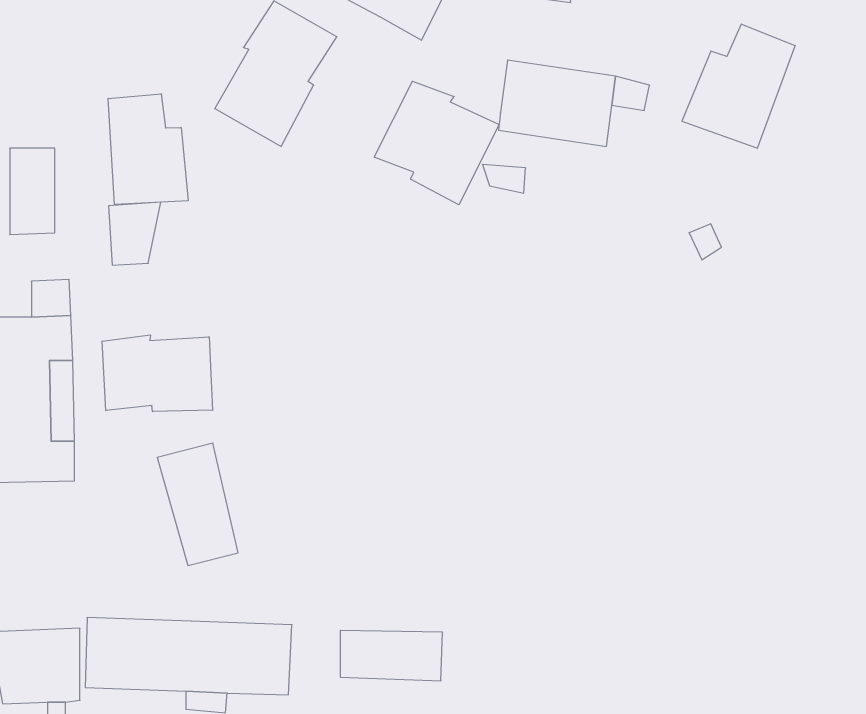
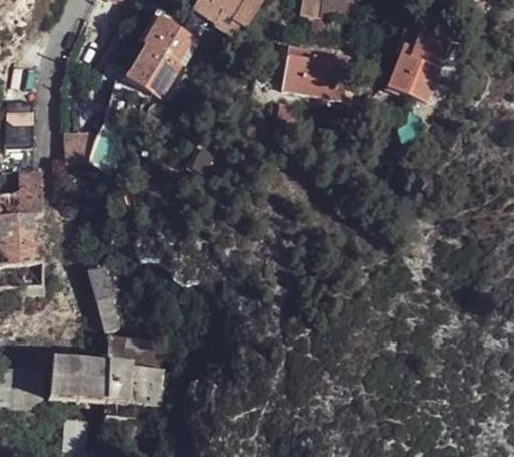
building: [374,81,499,205] -> none
building: [108,94,188,204] -> none
building: [102,335,213,412] -> none
building: [340,630,443,681] -> [108,335,166,364]

